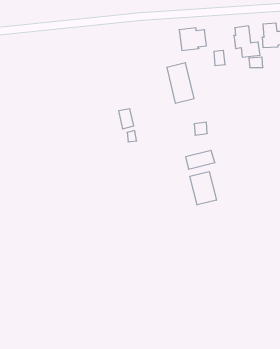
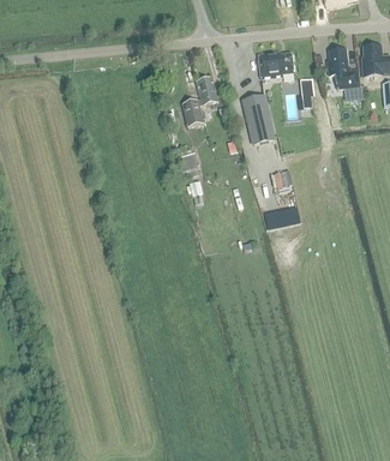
building: none -> [182,76,218,126]
building: [190,172,216,205] -> none

